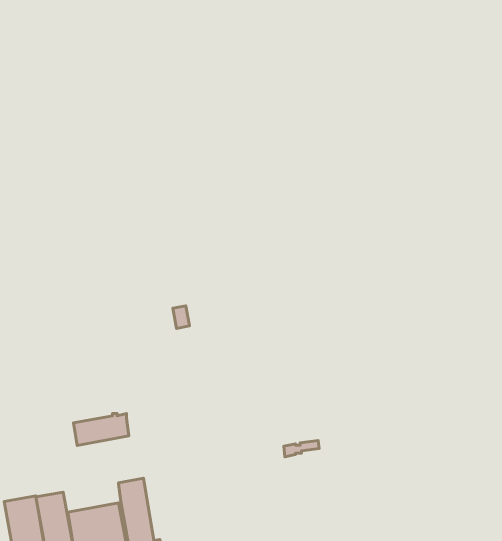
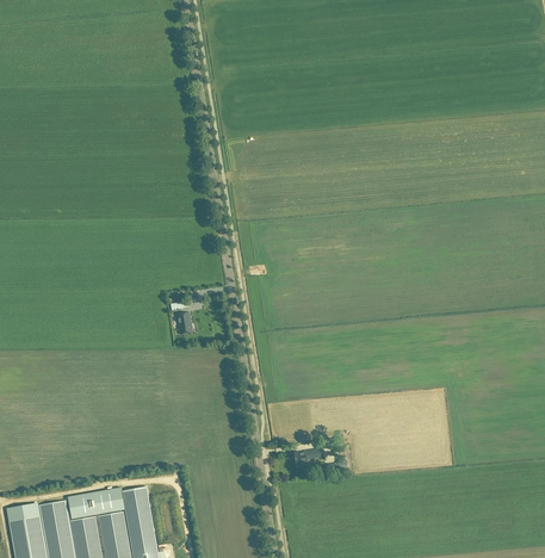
building: [74,414,129,445] -> [68,488,124,520]

